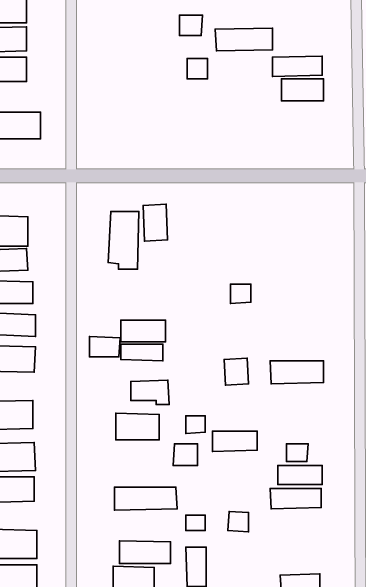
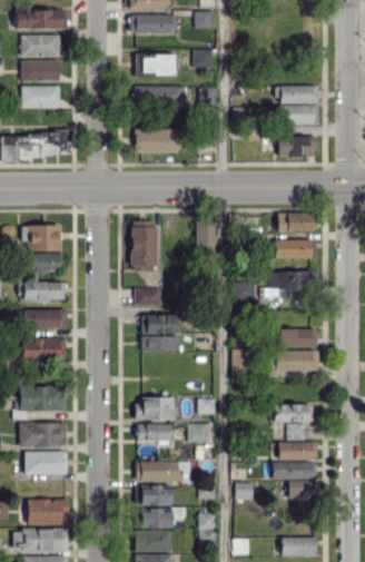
building: none -> [136,53,175,76]
building: [215,28,273,51] -> [135,86,185,106]
building: none -> [136,128,180,152]
building: none -> [279,136,317,157]
building: none -> [278,213,312,231]
building: [143,204,167,241] -> [197,219,218,252]
building: none -> [275,239,313,258]
building: none -> [268,270,312,297]
building: none -> [276,328,318,347]
building: [90,336,120,357] -> [136,287,162,305]
building: [131,380,169,404] -> [138,423,171,444]
building: [213,431,257,451] -> [274,404,313,422]
building: none -> [289,481,317,499]
building: none -> [141,485,172,505]

